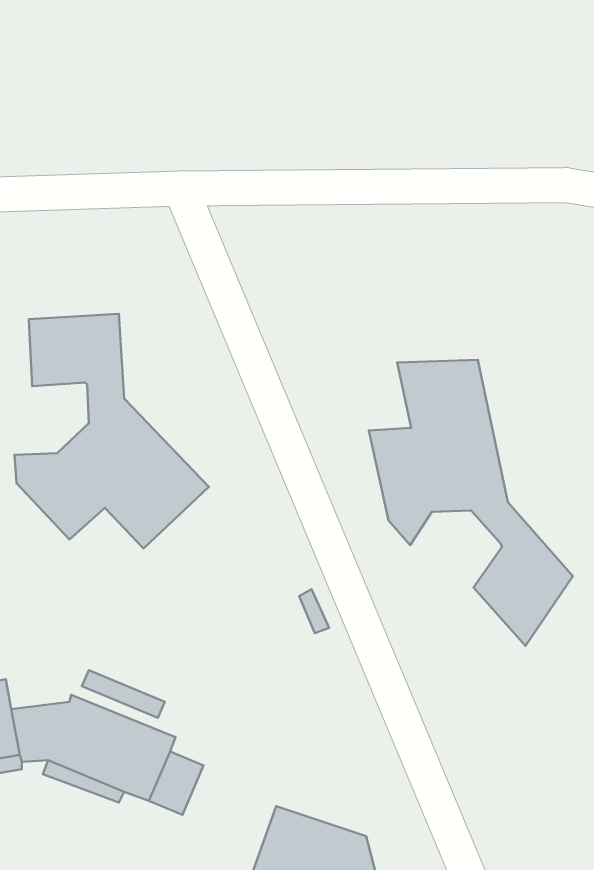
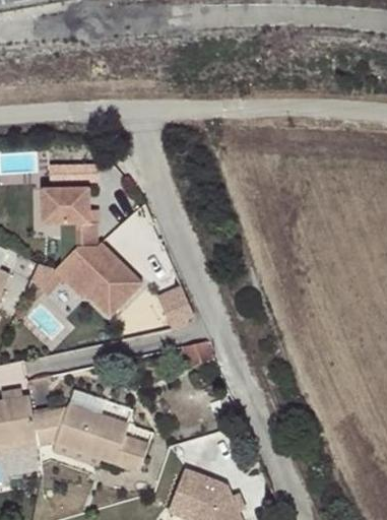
building: [369,360,573,646] -> none
building: none -> [155,284,194,327]

